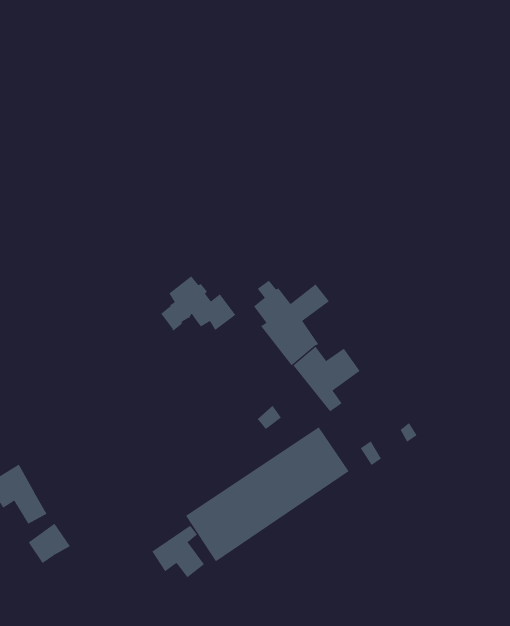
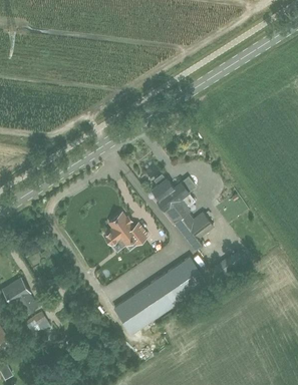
building: [159,275,236,331] -> [104,214,147,245]
building: [151,525,205,578] -> none

